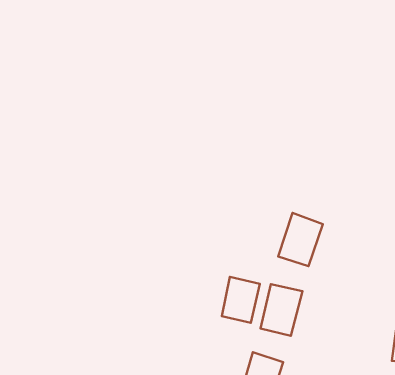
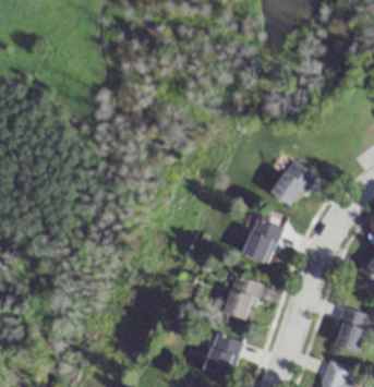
building: none -> [272,158,316,207]
building: [222,277,260,323] -> none

